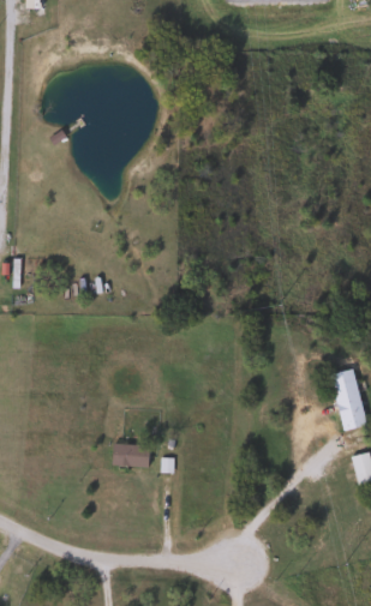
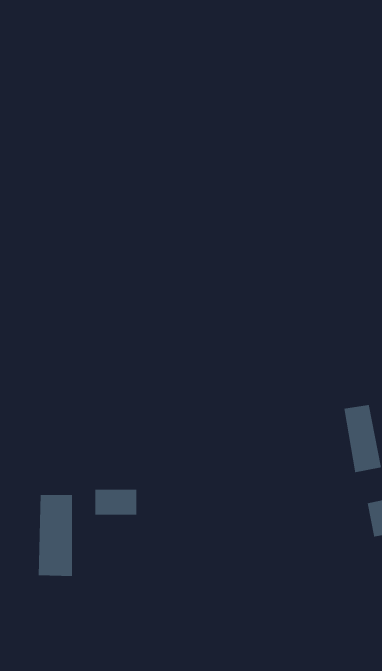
building: none -> [38,494,72,577]

